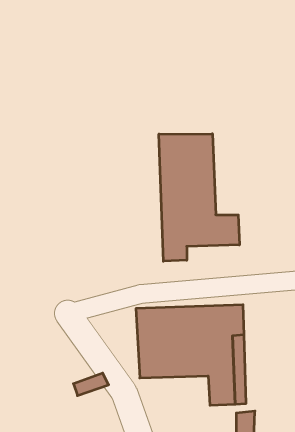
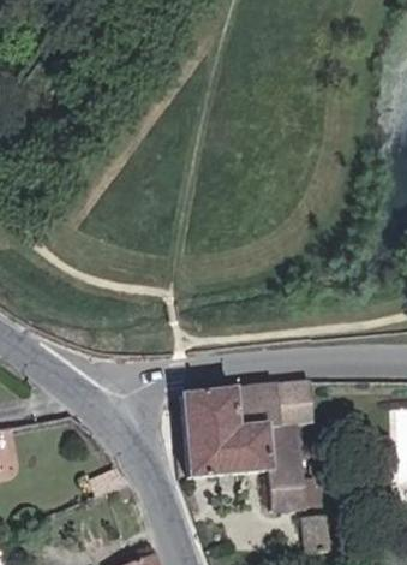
building: [159,134,239,261] -> none

